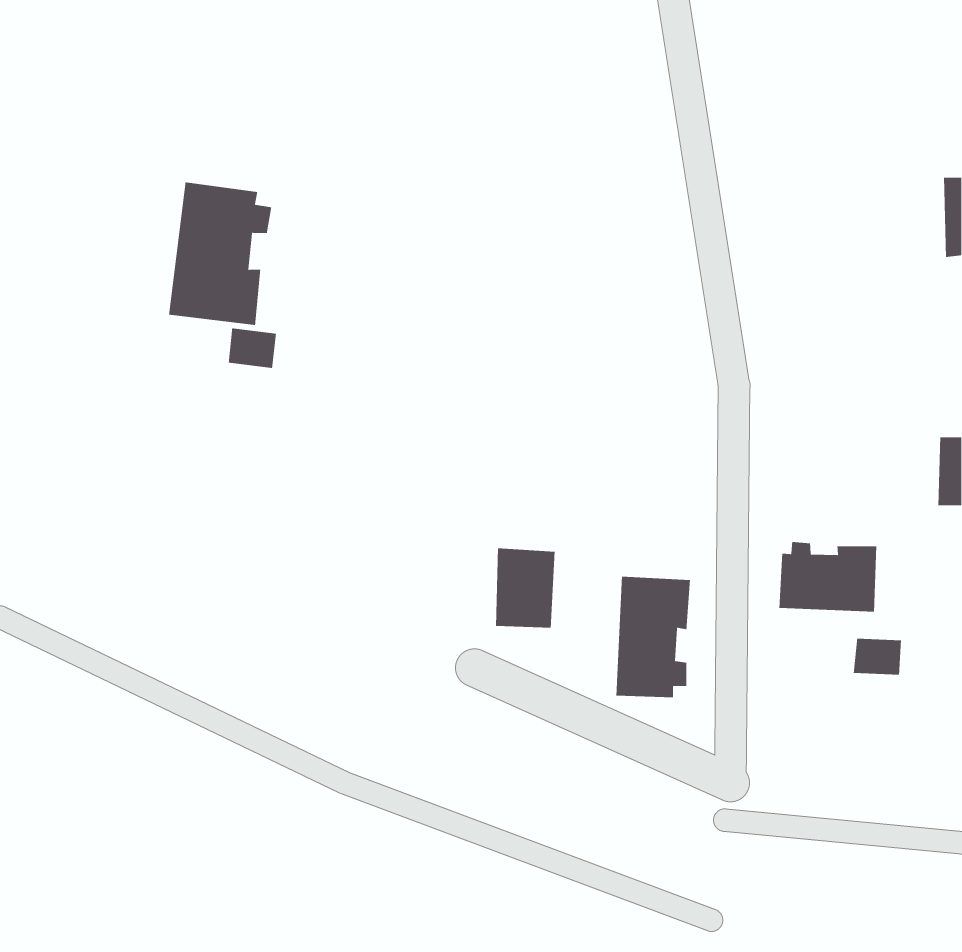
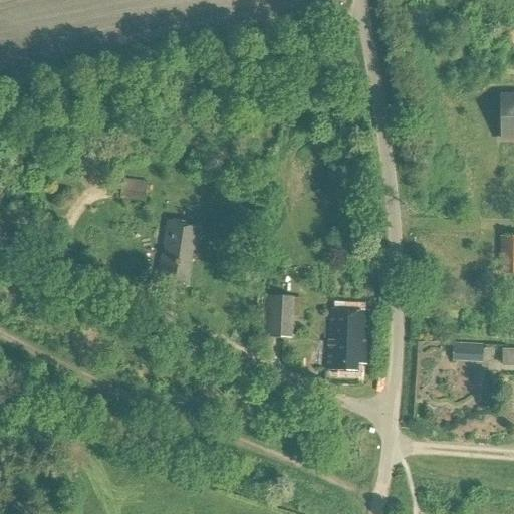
building: [168,182,272,326] -> none
building: none -> [158,220,202,284]
building: [778,541,877,612] -> none

